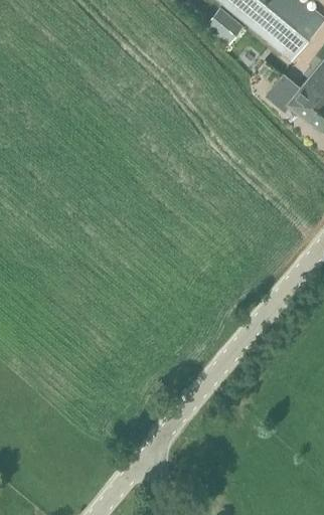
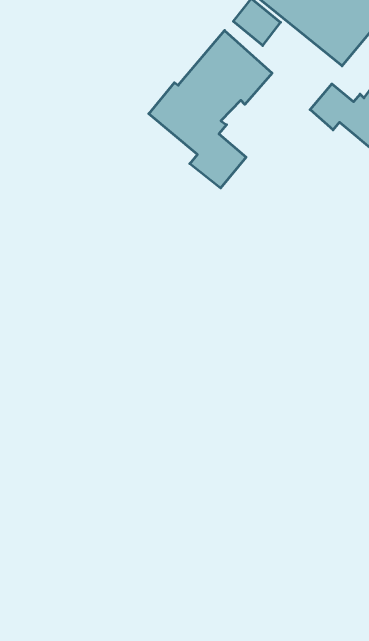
building: none -> [149,30,272,188]

